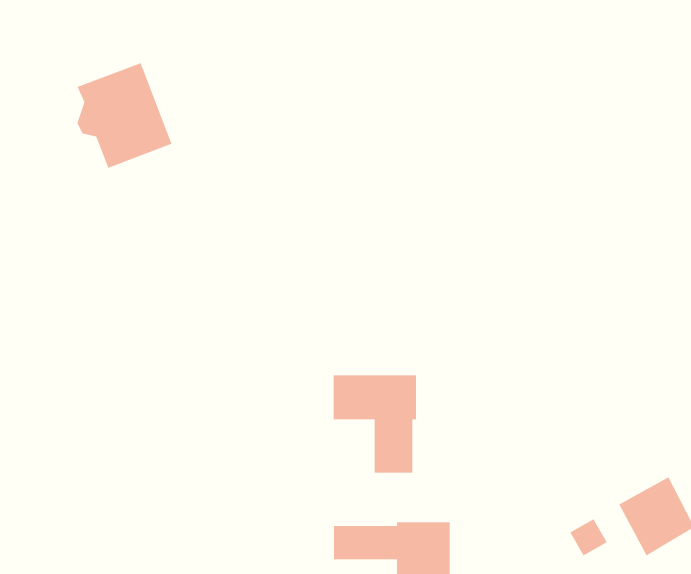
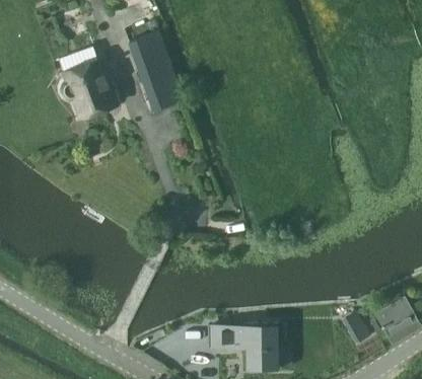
building: none -> [126,30,183,111]
building: [333,374,417,474] -> none

